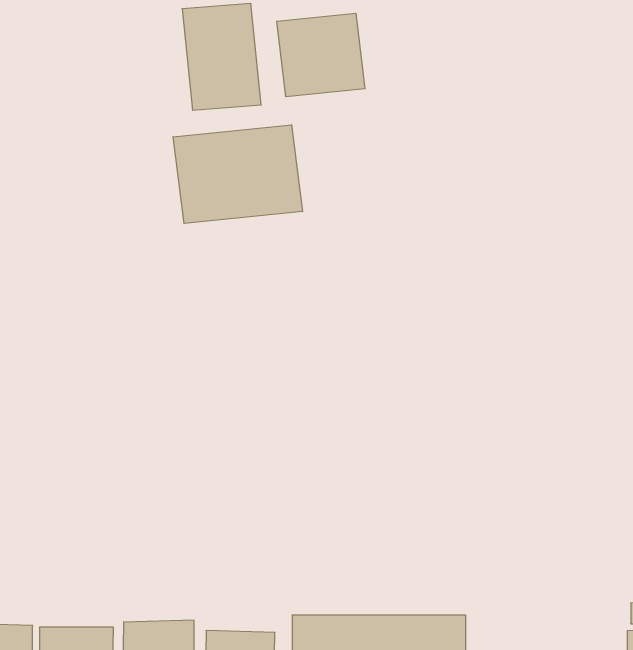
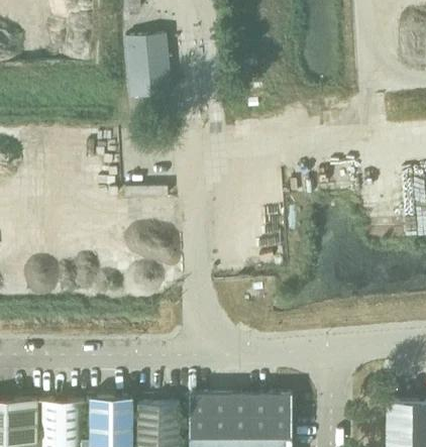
building: [277,13,365,97] -> none
building: [173,125,303,224] -> none

